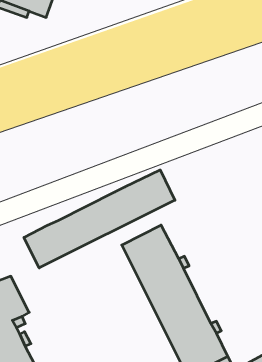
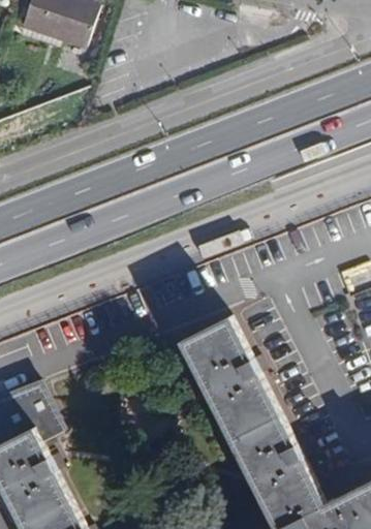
building: [24,170,175,268] -> none

